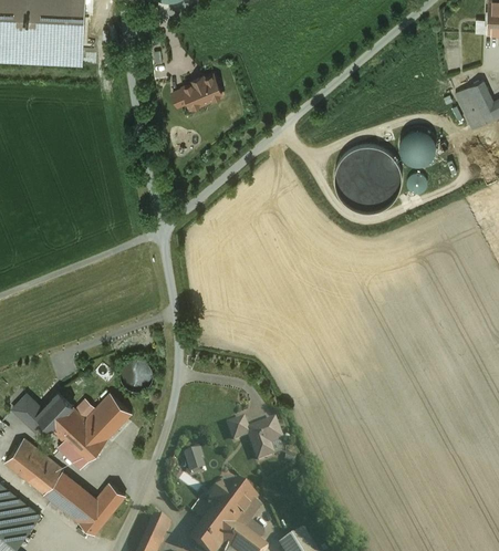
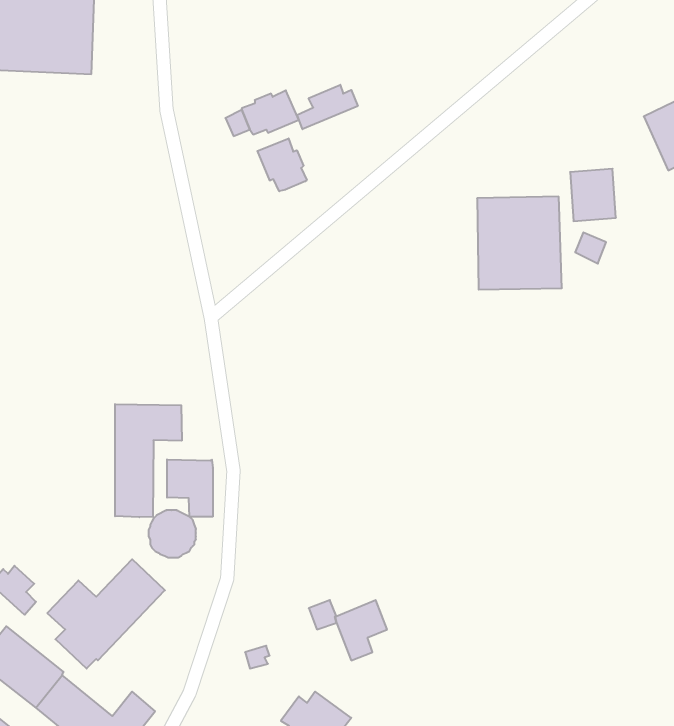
building: none -> [297,85,358,129]
building: none -> [257,138,307,191]
building: none -> [115,404,182,517]
building: none -> [167,459,213,517]
building: [37,393,72,429] -> none

